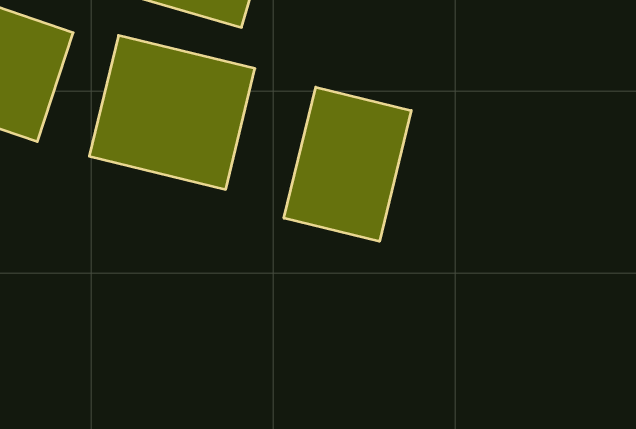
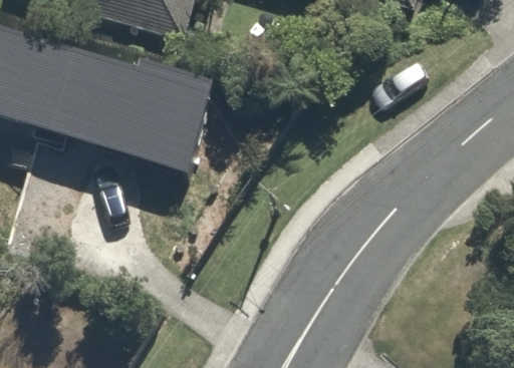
building: [284,87,411,241] -> none

